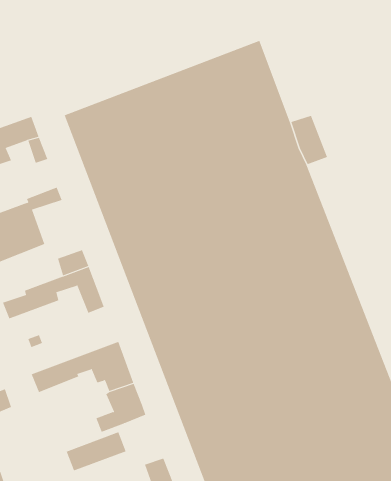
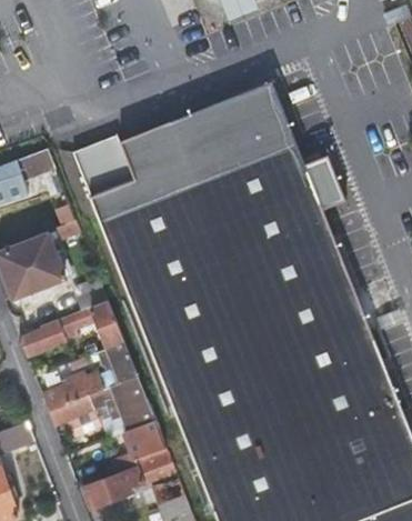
building: none -> [39,343,133,411]
building: none -> [139,452,179,502]

